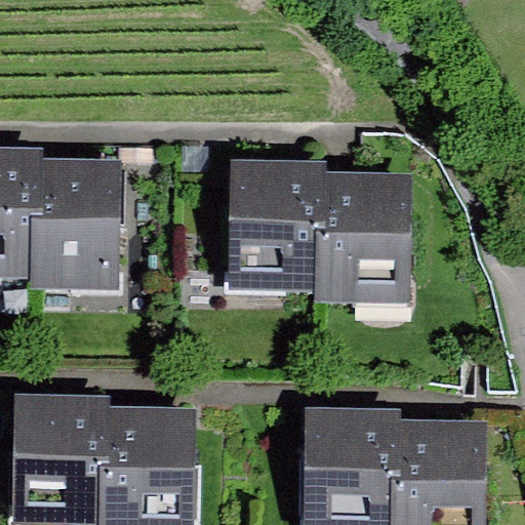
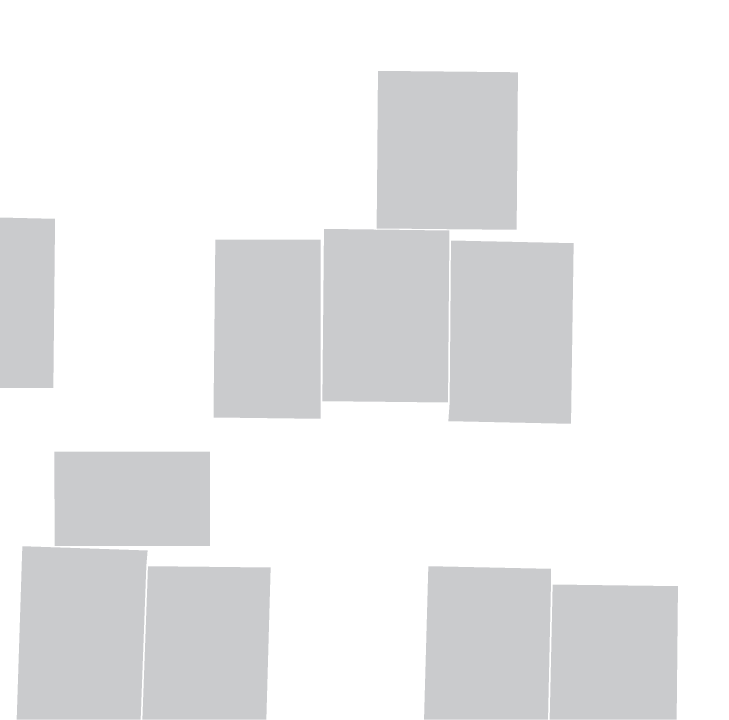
building: none -> [376,70,518,231]
building: [39,164,117,293] -> [213,239,322,419]
building: none -> [54,451,211,547]

